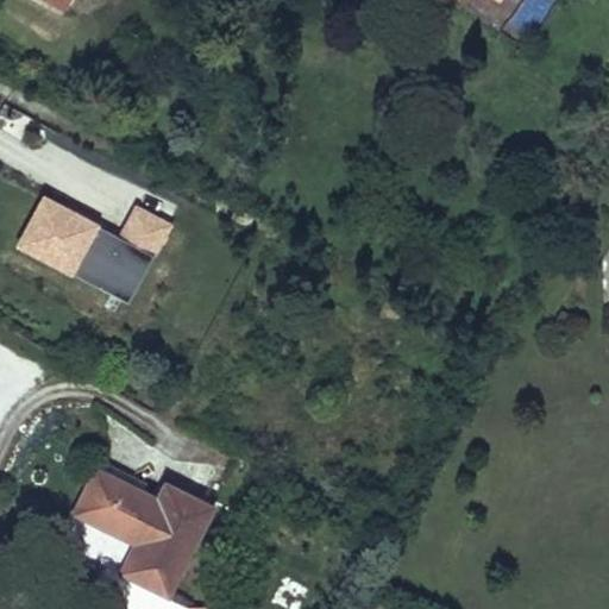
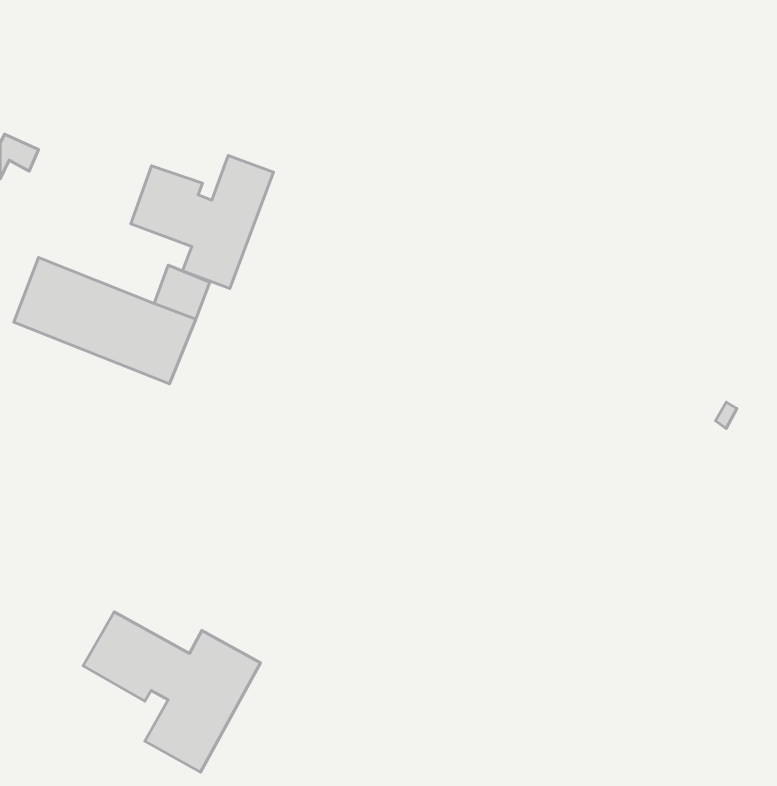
building: none -> [131,156,273,289]

